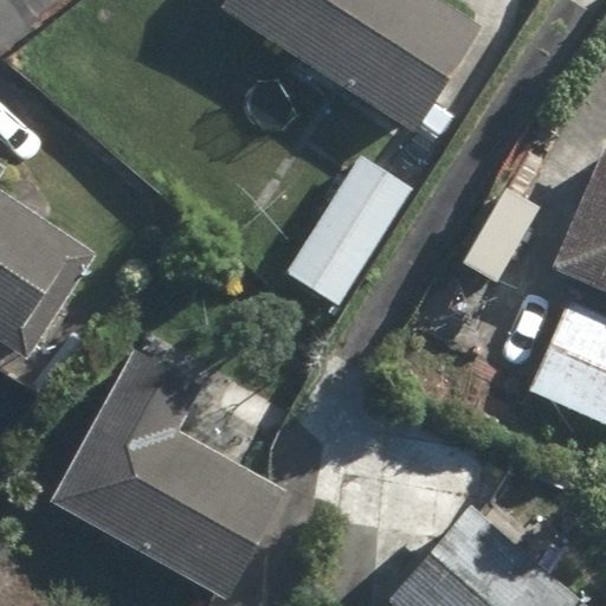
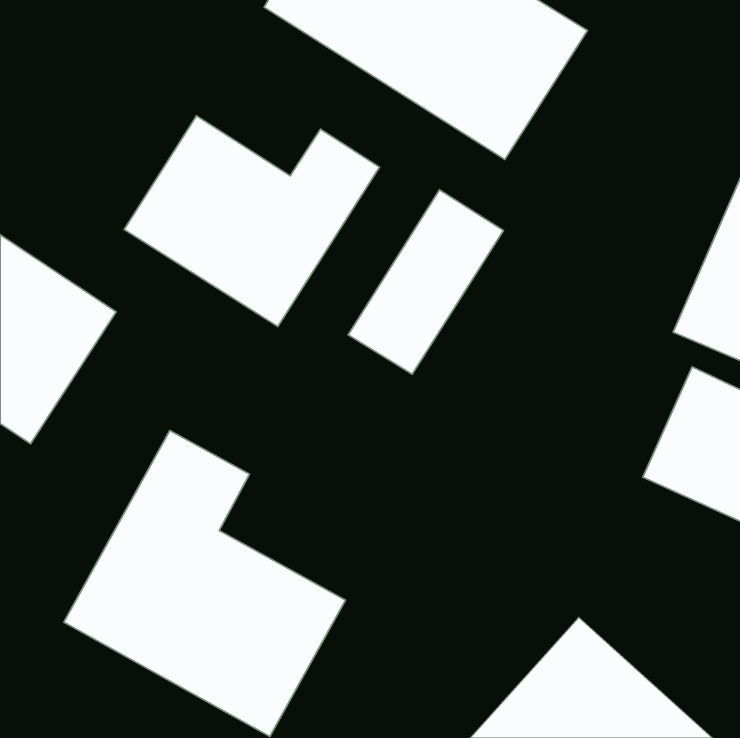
building: none -> [124,116,379,327]

